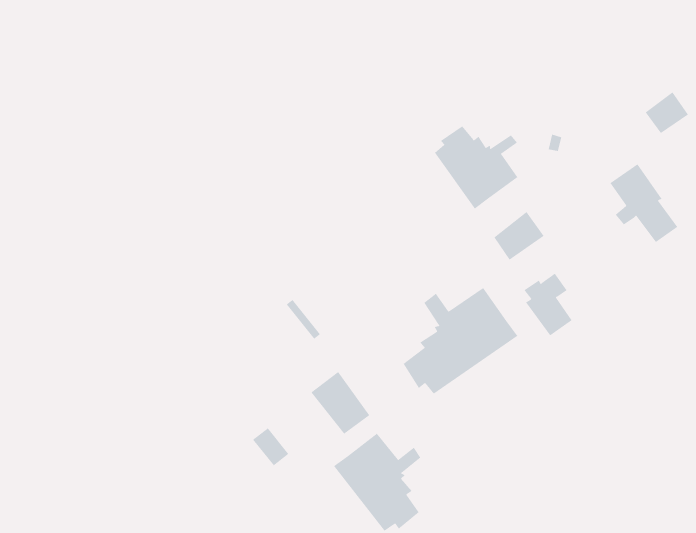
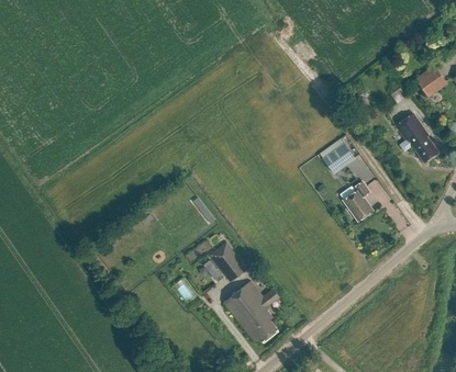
building: [434,125,518,209] -> none
building: [403,287,518,395] -> none

